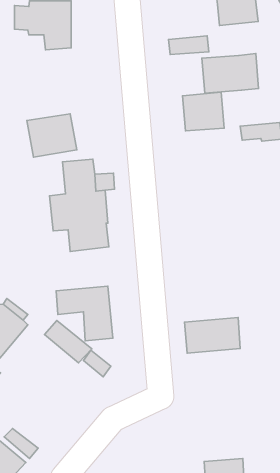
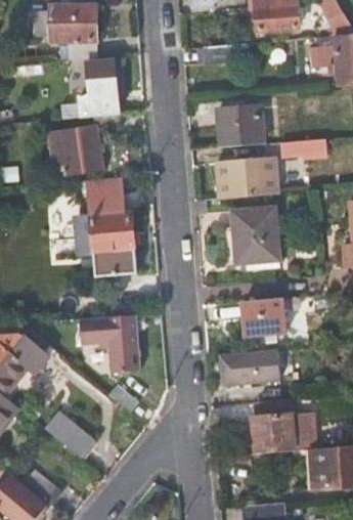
building: none -> [78,58,118,117]
building: [202,54,259,93] -> [216,155,277,198]
building: none -> [231,207,279,263]
building: none -> [242,297,285,338]
building: [45,320,92,363] -> [41,411,92,458]
building: none -> [251,410,315,453]

